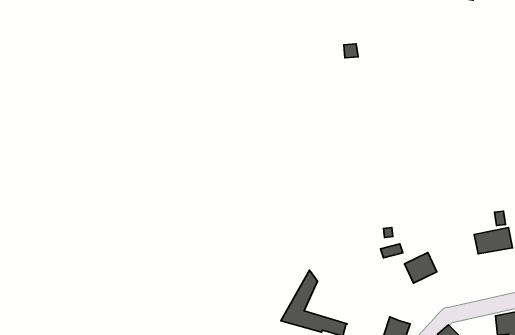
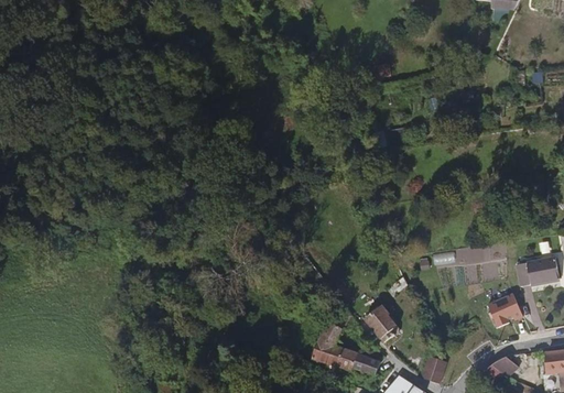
building: [404,253,437,283] -> [488,293,523,326]
building: none -> [364,307,397,341]

